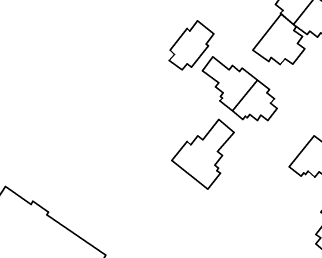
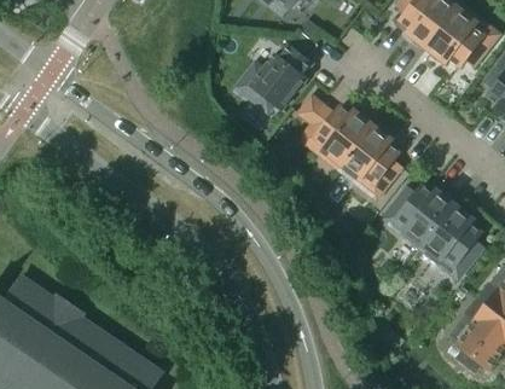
building: [253,14,305,65] -> none
building: [172,120,234,189] -> none
building: none -> [393,186,454,249]

